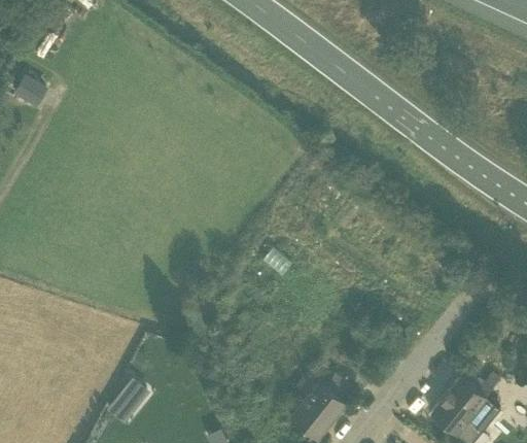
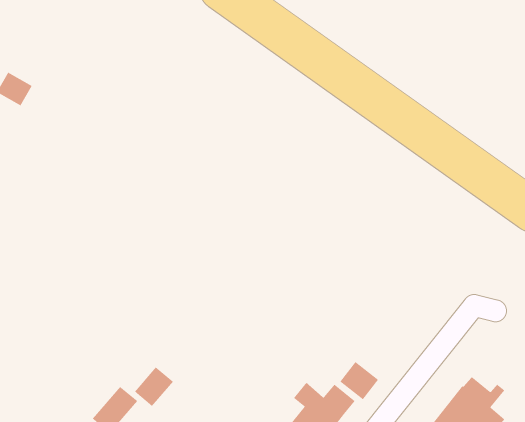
building: none -> [340,361,379,400]
building: none -> [134,367,174,407]

